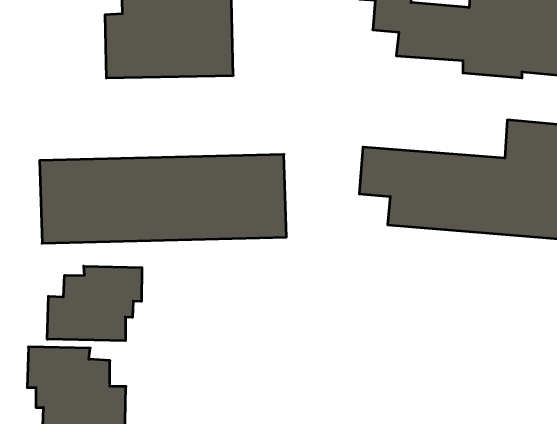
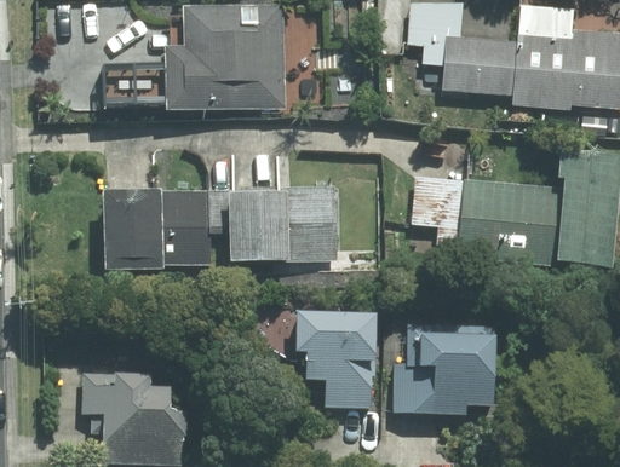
building: [47,266,142,341] -> none
building: none -> [291,310,374,404]
building: none -> [396,323,499,413]

